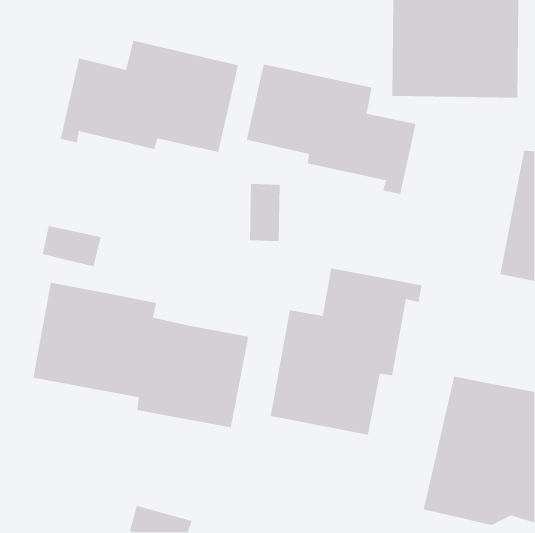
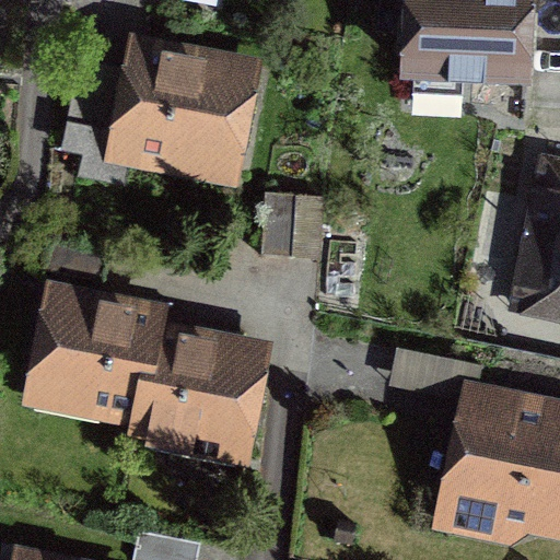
building: [246,63,416,195] -> none
building: [270,267,423,435] -> none

